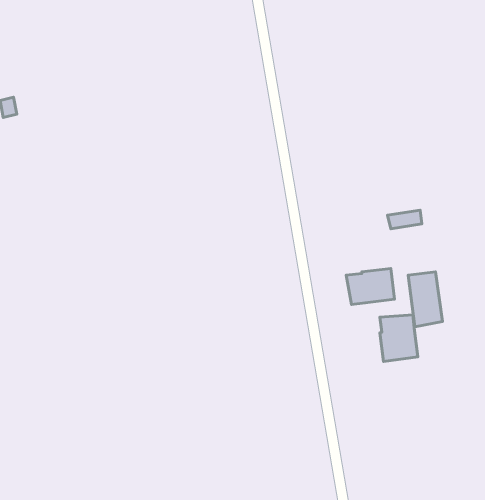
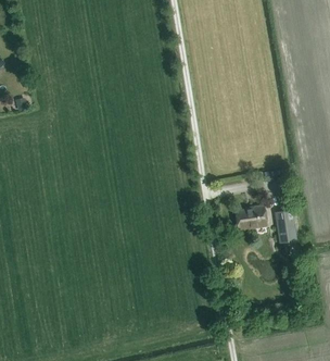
building: [380,315,418,361] -> none

